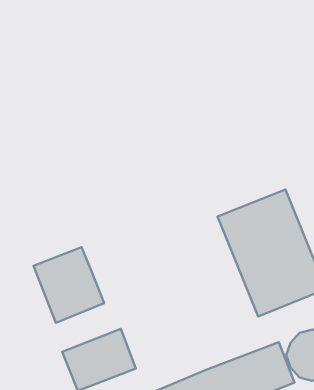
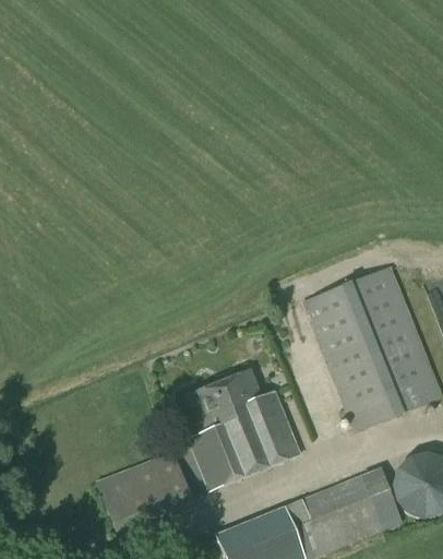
building: [34,247,104,323] -> none
building: none -> [187,369,301,491]

